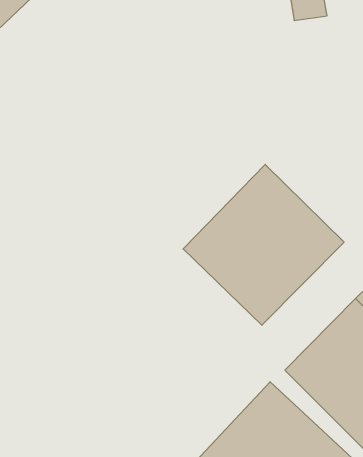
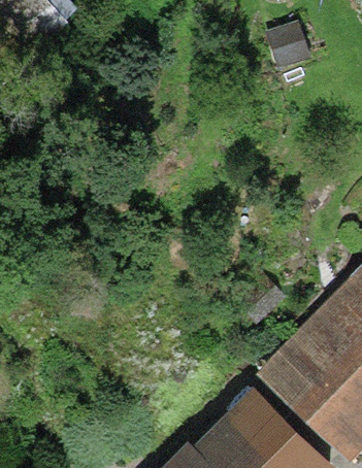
building: [183,164,344,325] -> none

